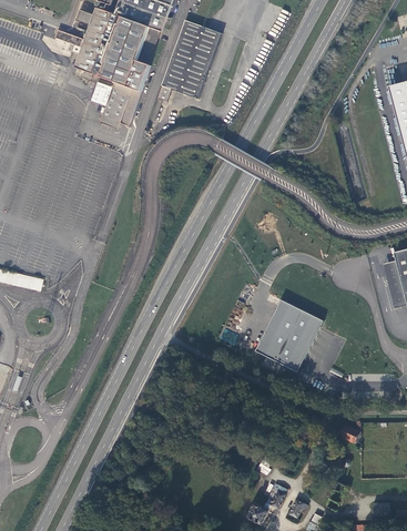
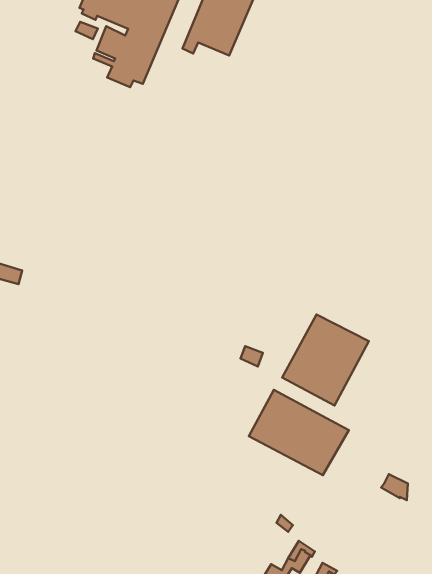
building: none -> [249,390,349,475]

